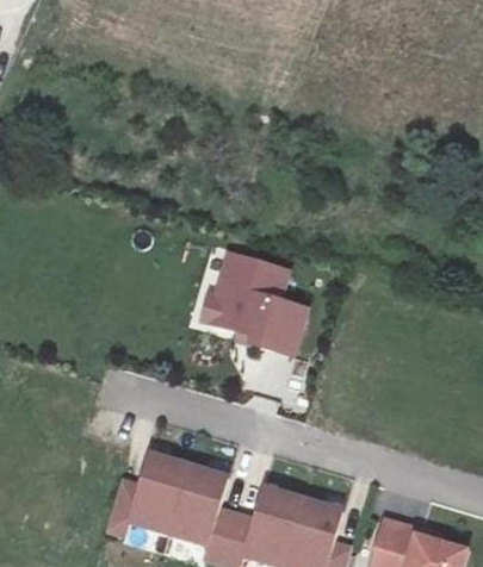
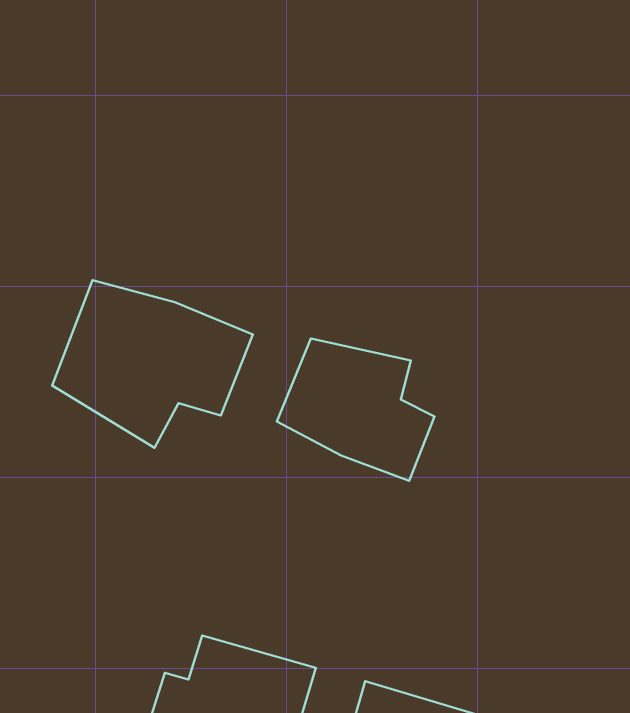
building: none -> [52,280,253,448]

